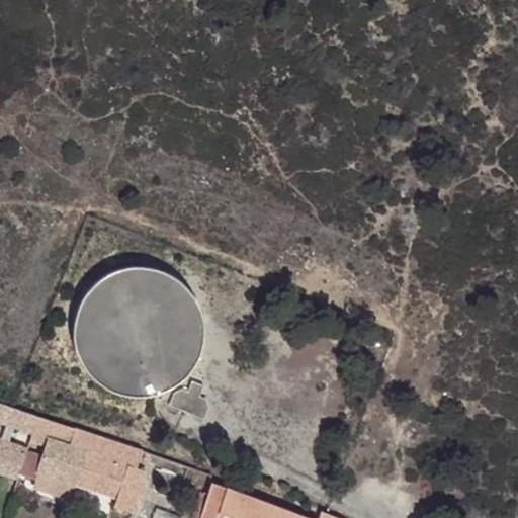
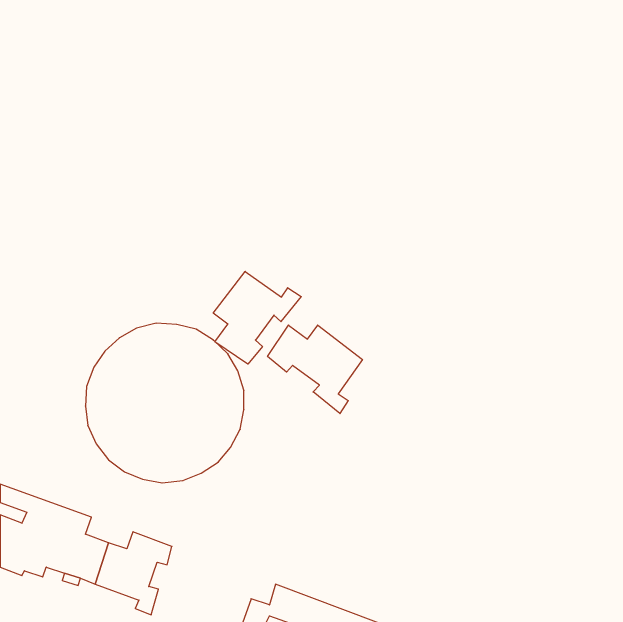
building: none -> [213,271,301,364]
building: none -> [268,325,362,414]

